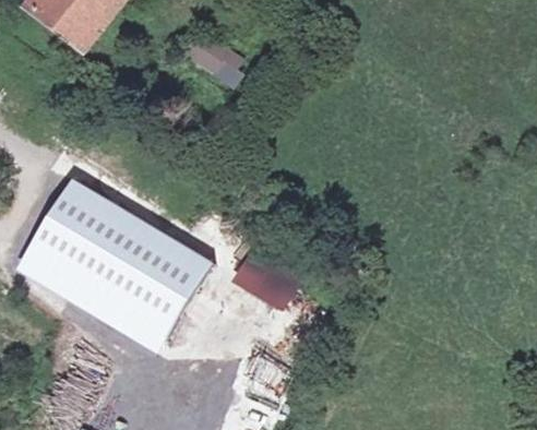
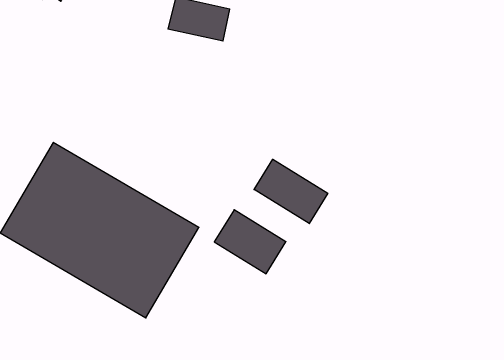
building: none -> [254,159,328,224]

